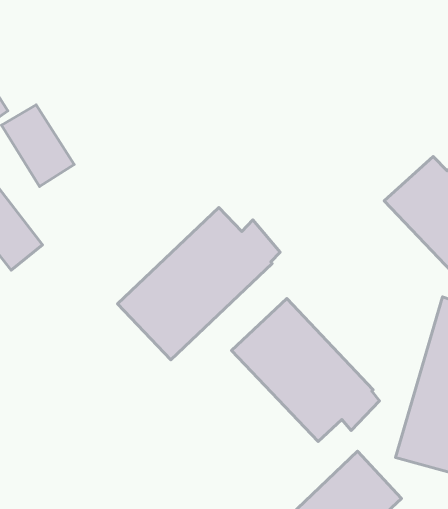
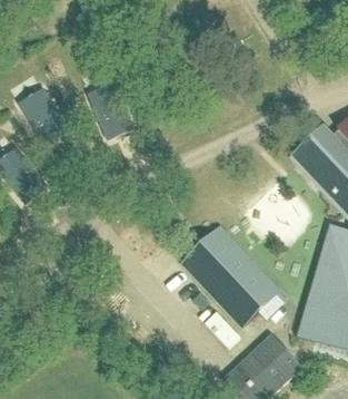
building: none -> [87,81,133,139]
building: [117,208,280,360] -> none

